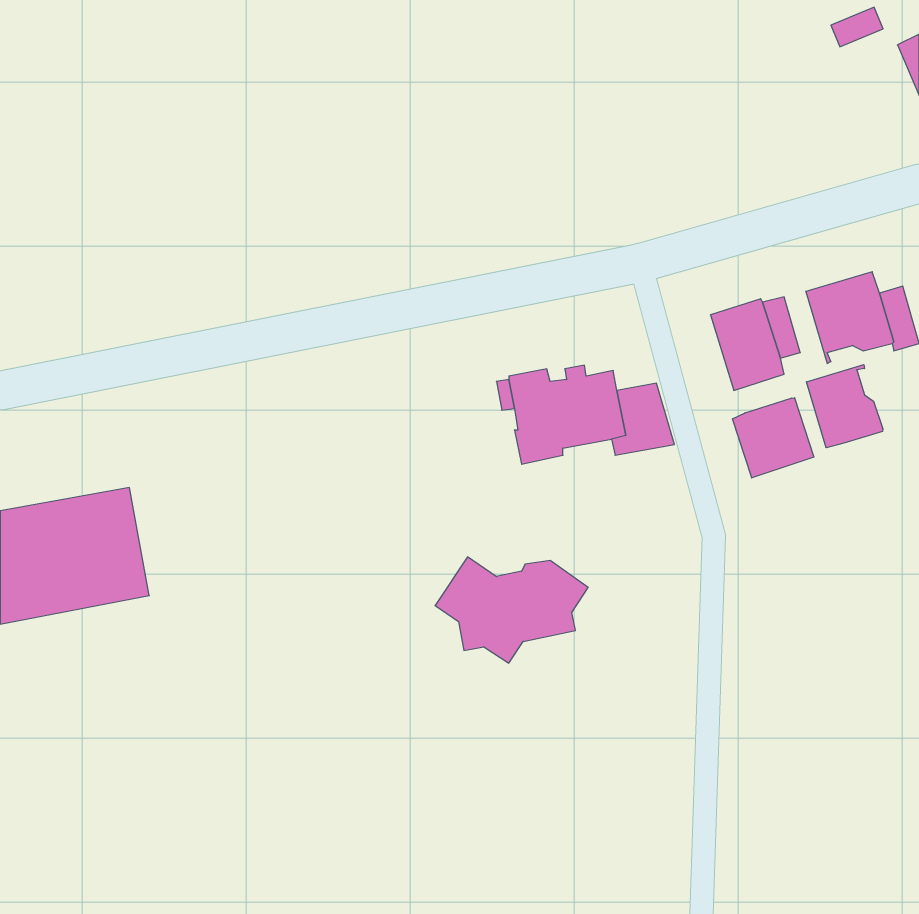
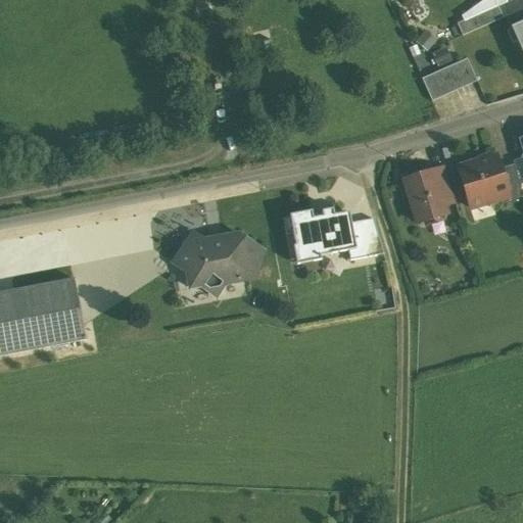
building: none -> [421,57,476,99]
building: [806,365,883,448] -> none
building: [733,398,814,478] -> none
building: [435,557,588,663] -> [174,233,260,293]

